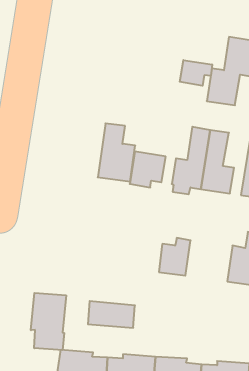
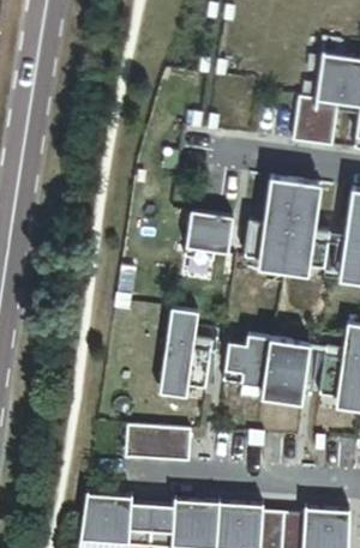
building: [180,60,212,86] -> none
building: [98,123,135,182] -> [161,309,214,391]
building: none -> [262,339,308,395]
building: [31,293,66,350] -> none

